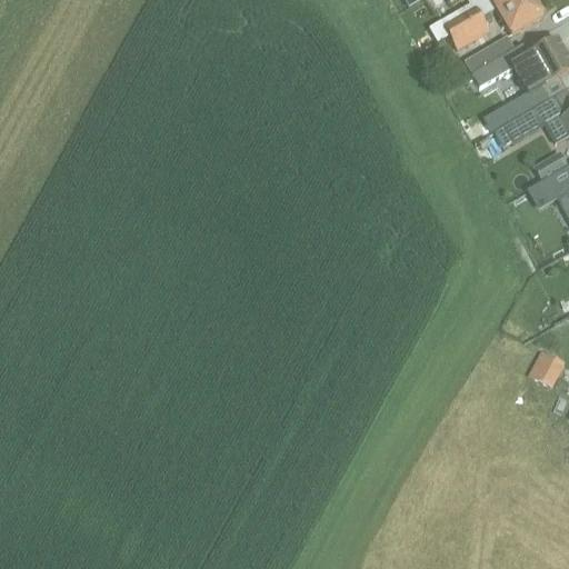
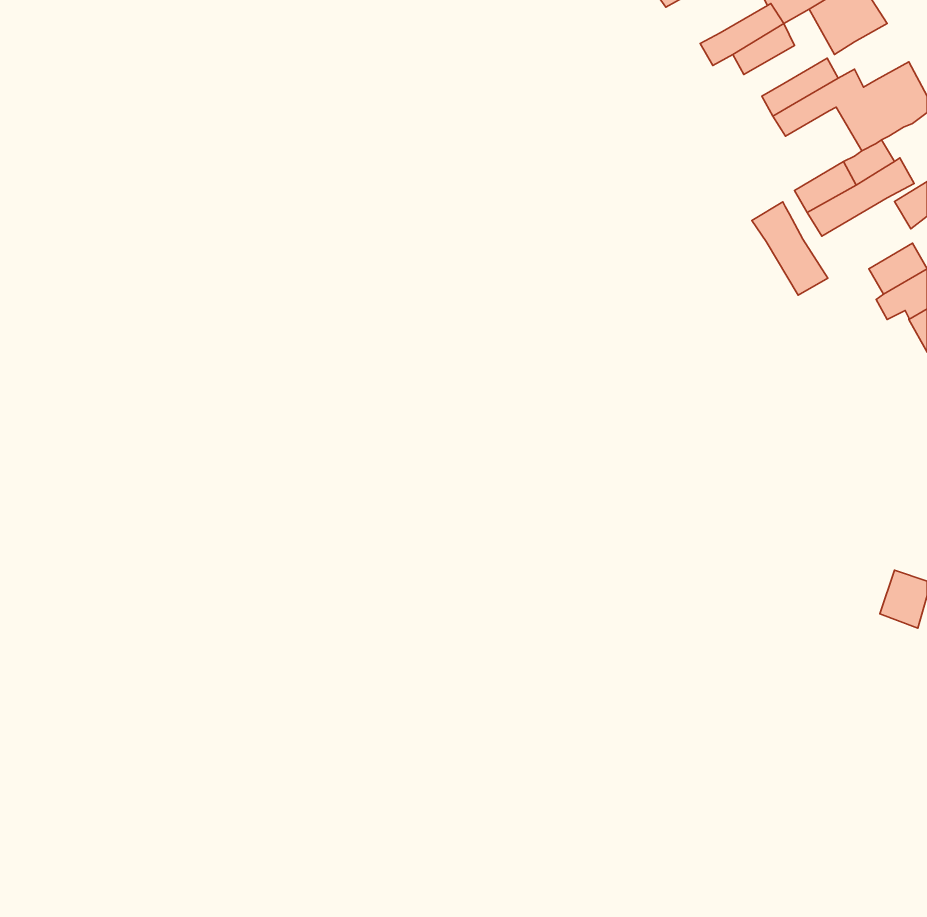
building: none -> [752,202,828,295]

